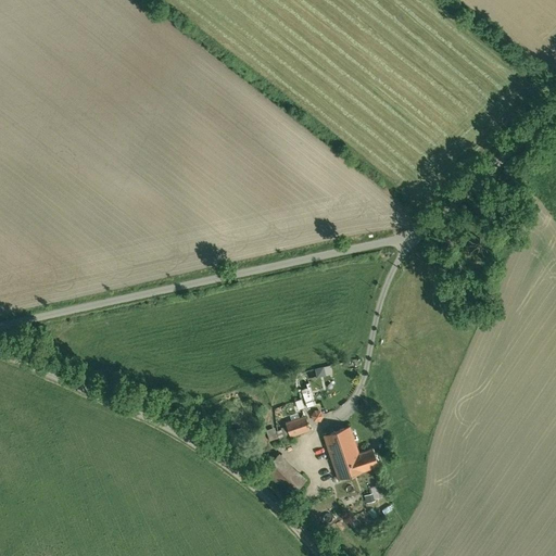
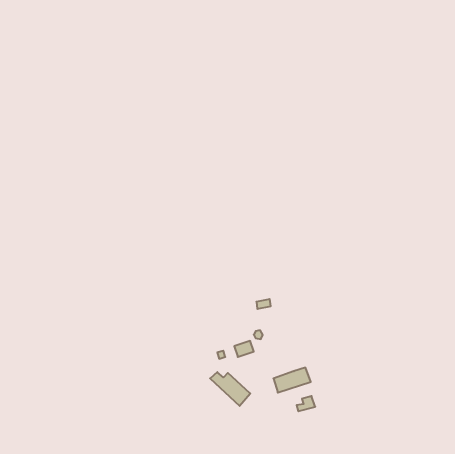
building: [325,427,358,463] -> none

